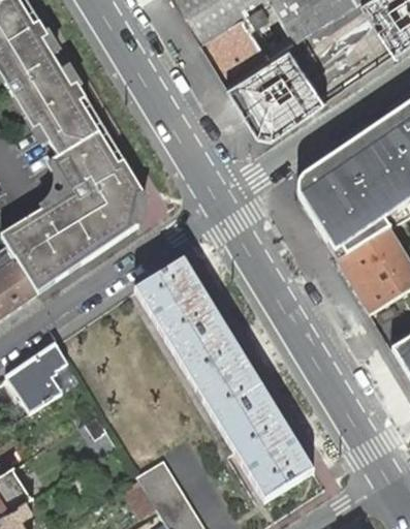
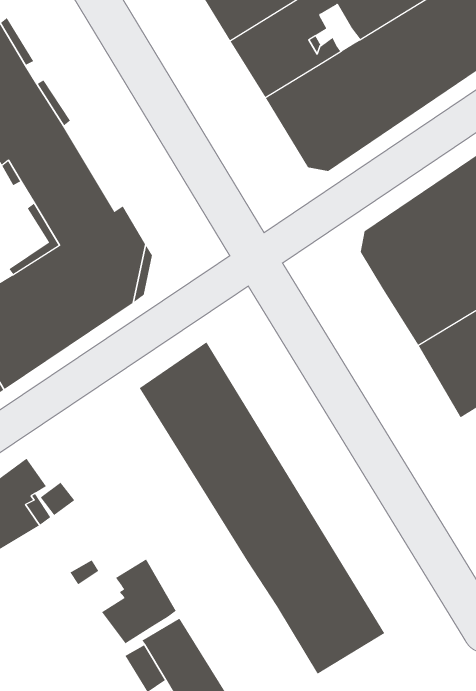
building: none -> [101,558,176,644]

